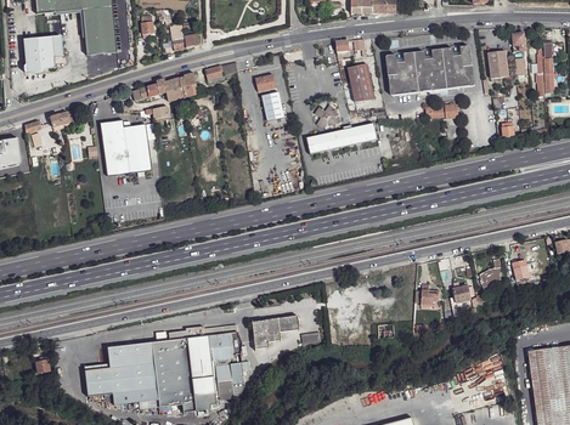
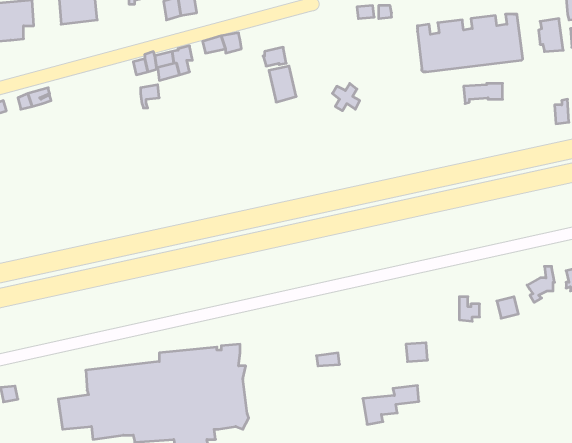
building: [348,63,376,102] -> none
building: [100,118,152,174] -> none
building: [306,123,378,154] -> none
building: [252,316,299,348] -> [363,386,419,424]

